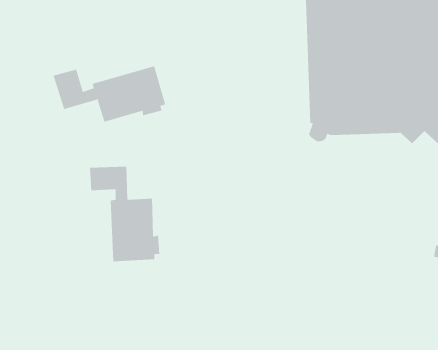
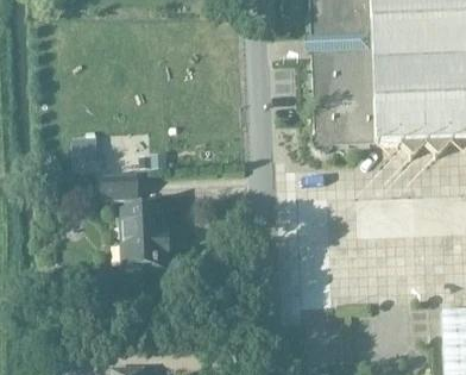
building: [53,65,166,123] -> none

